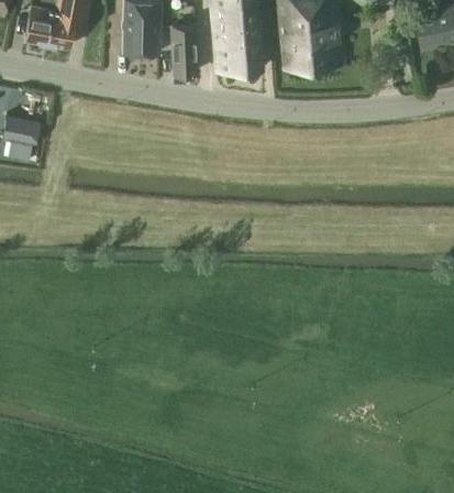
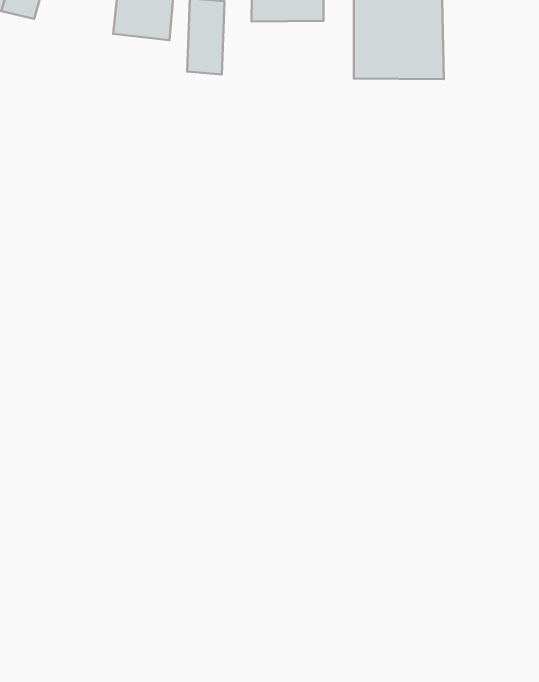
building: [213,32,264,70] -> none

